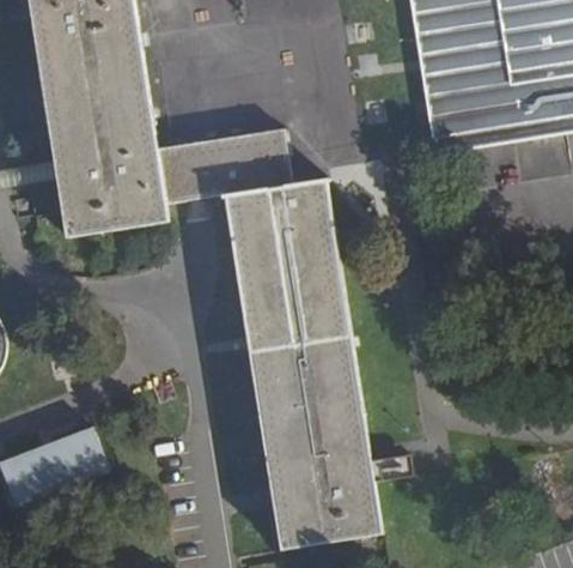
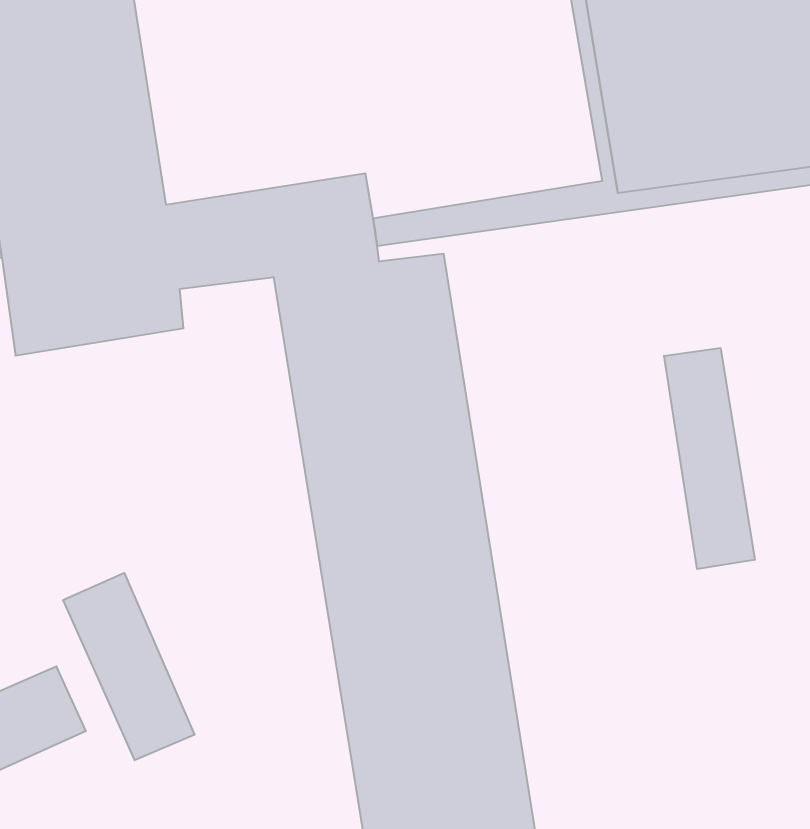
building: none -> [664,348,755,569]
building: none -> [63,573,195,760]

